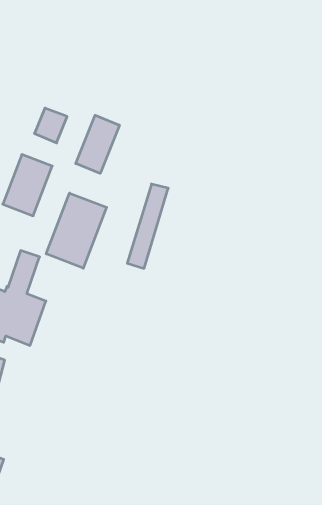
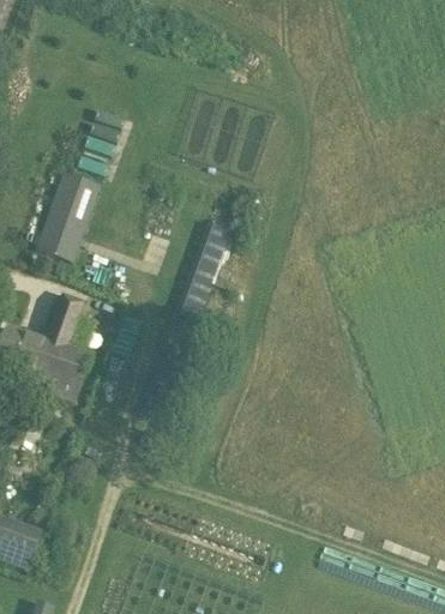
building: [76,115,119,173] -> none
building: [46,193,107,268] -> none

